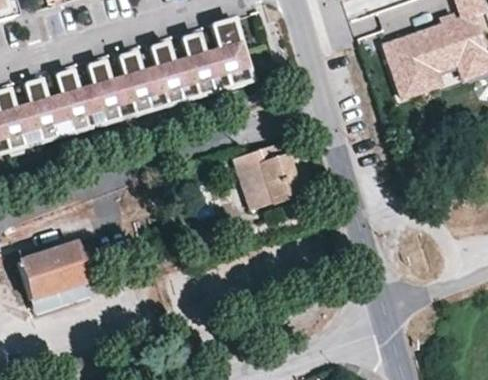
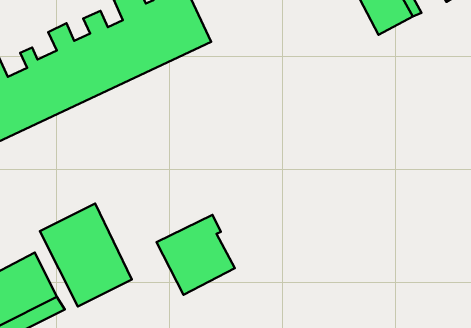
building: [230,141,294,206] -> [156,215,235,295]
building: none -> [40,203,132,306]

